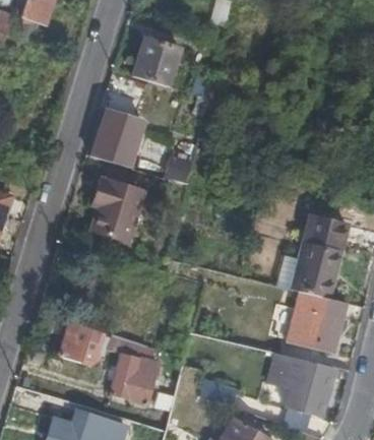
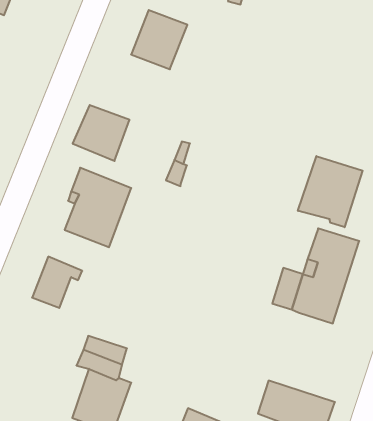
building: none -> [298,156,363,227]
building: [286,289,349,355] -> none
building: [59,321,101,365] -> [32,257,82,308]

